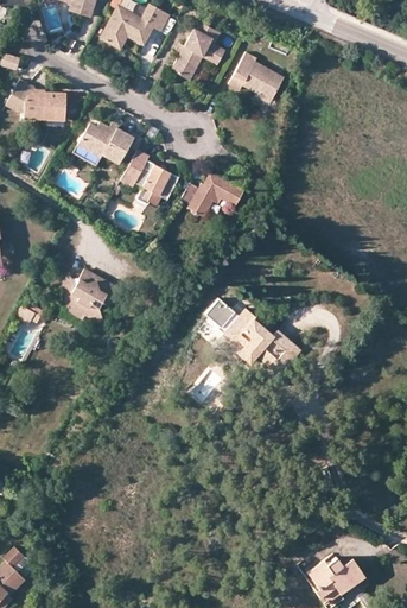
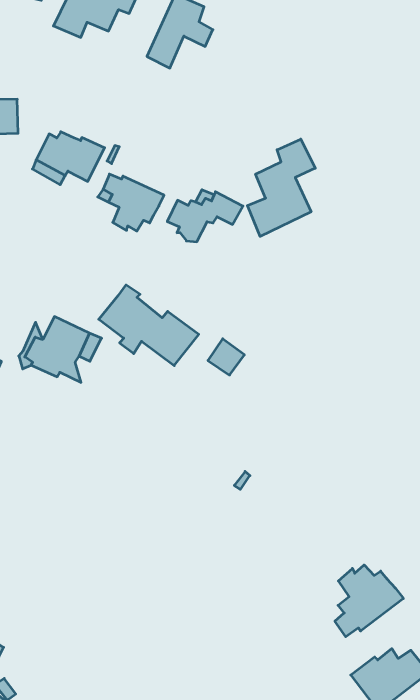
building: [228,51,282,99] -> none
building: none -> [247,139,315,236]
building: [221,306,300,374] -> [99,285,199,366]
building: none -> [335,565,403,637]

